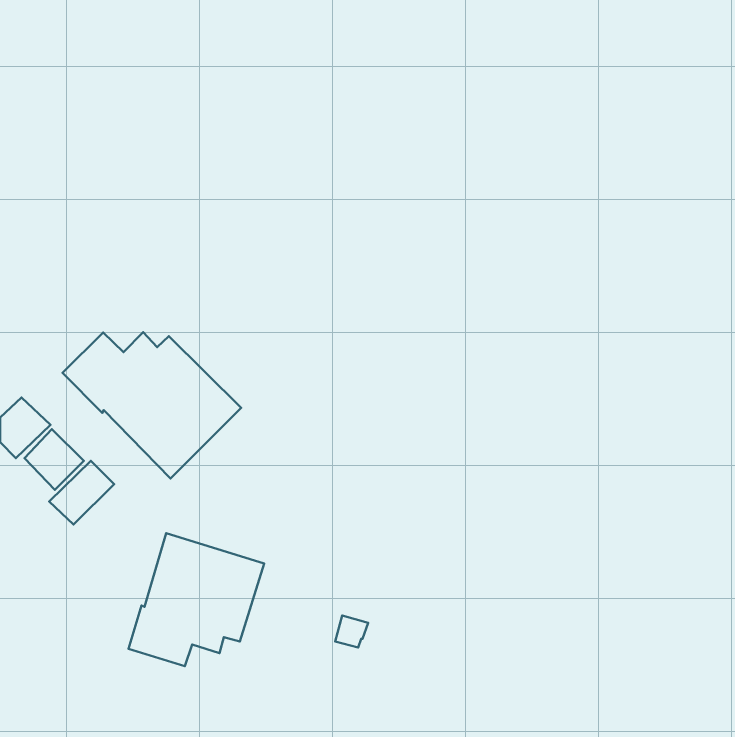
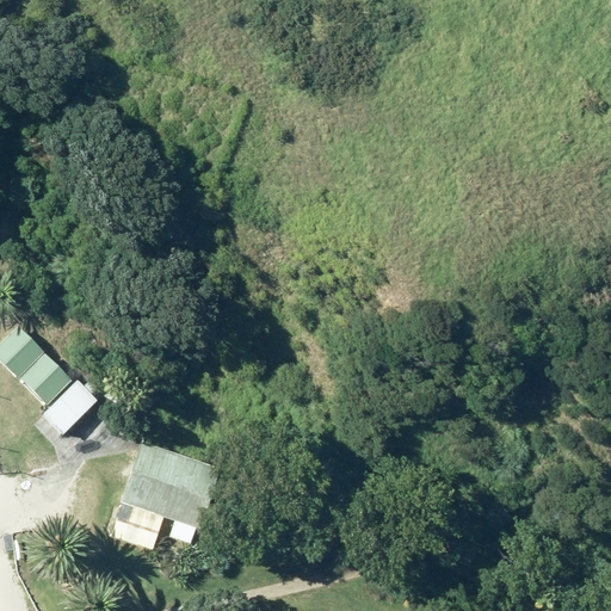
building: [63,332,241,479] -> none

